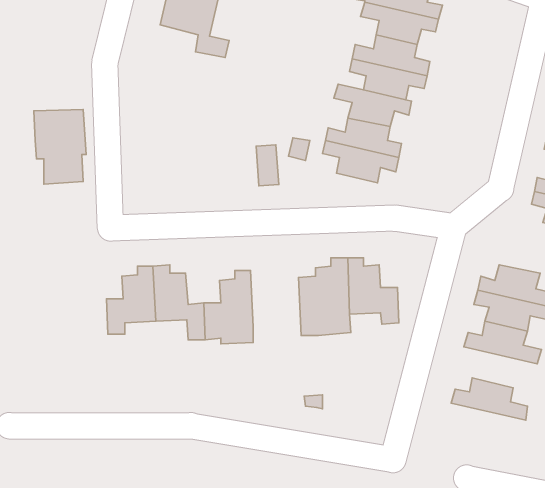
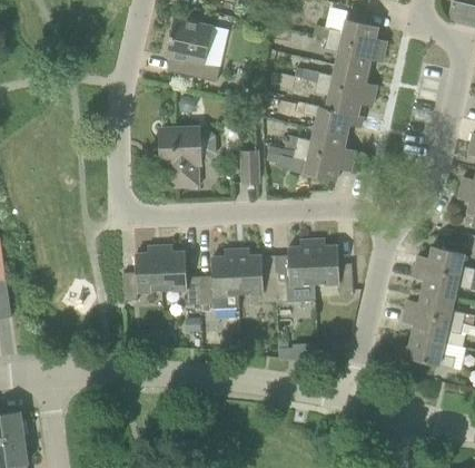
building: [34,109,86,184] -> [160,128,201,187]
building: none -> [237,250,277,303]
building: none -> [403,311,463,343]

